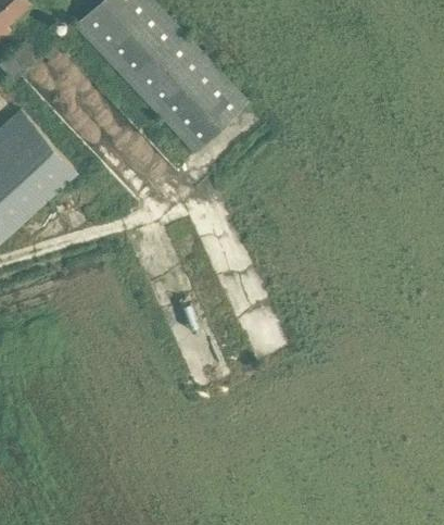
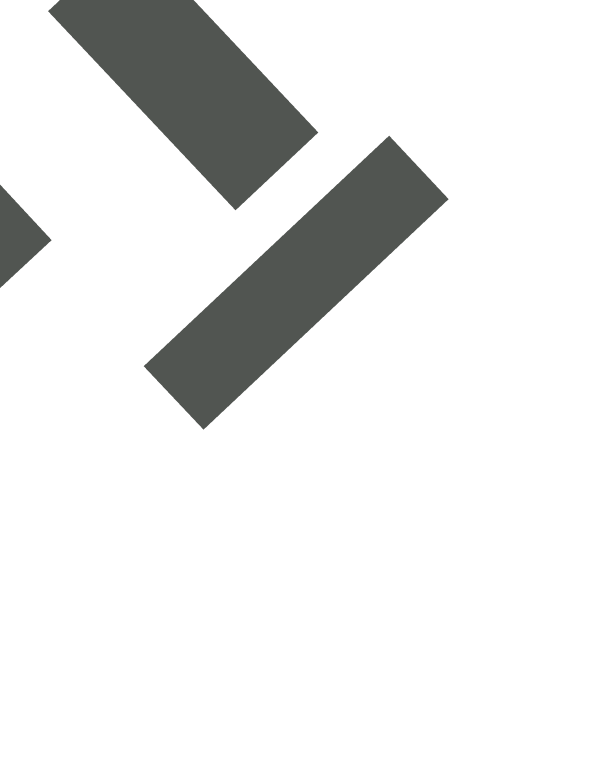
building: none -> [143,135,450,430]

